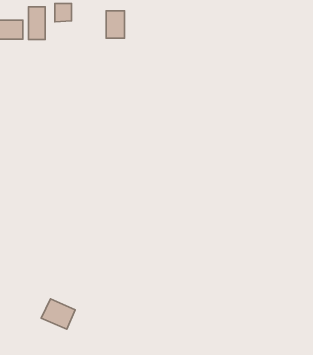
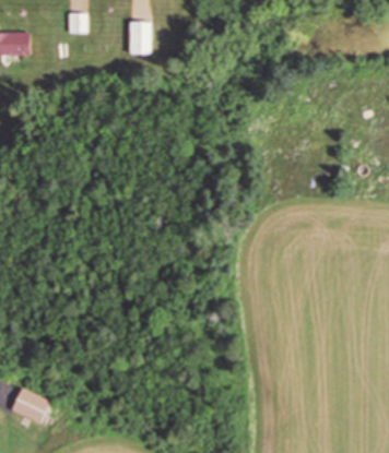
building: [28,7,45,39] -> none
building: [41,299,75,329] -> [11,388,51,424]

